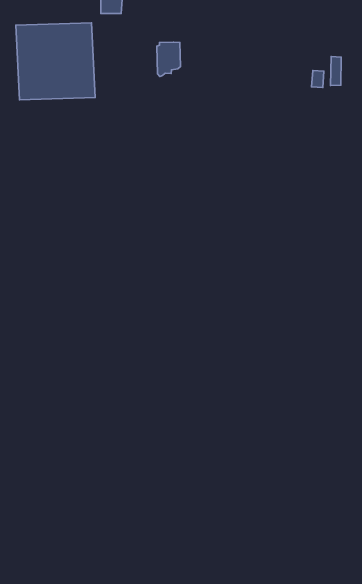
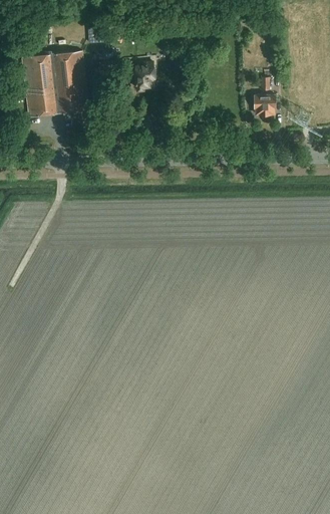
building: none -> [254,93,276,114]

